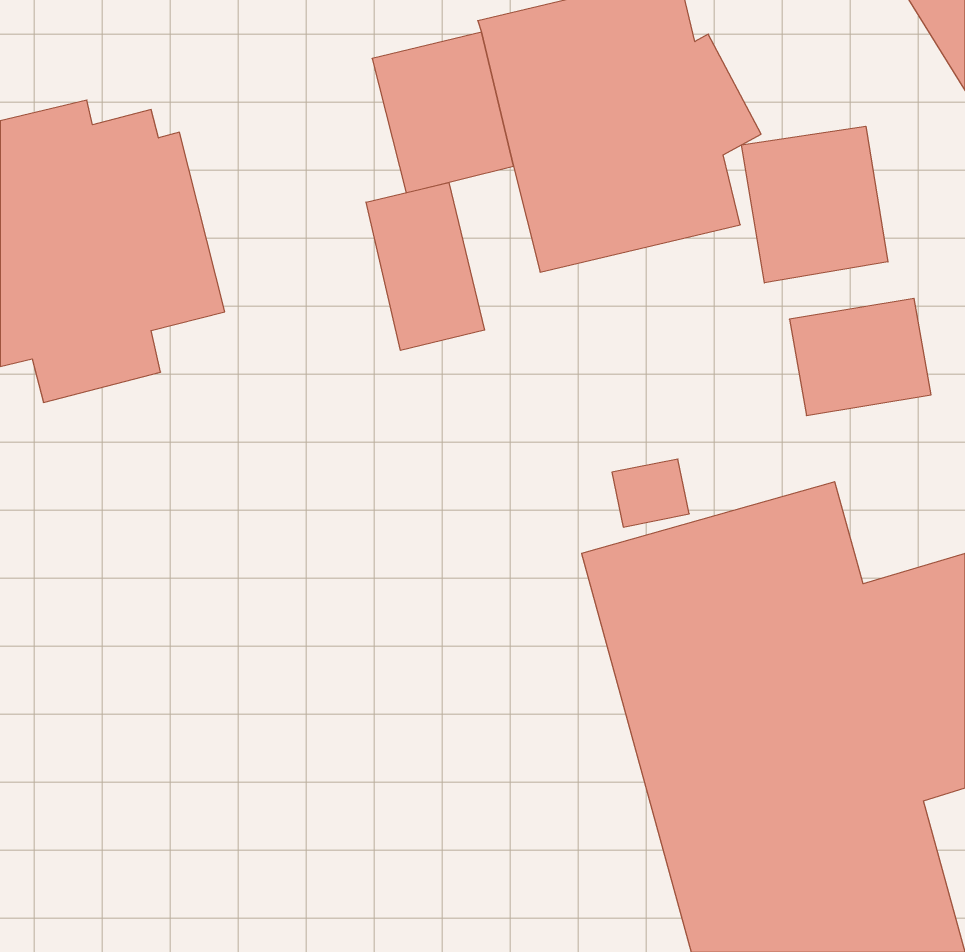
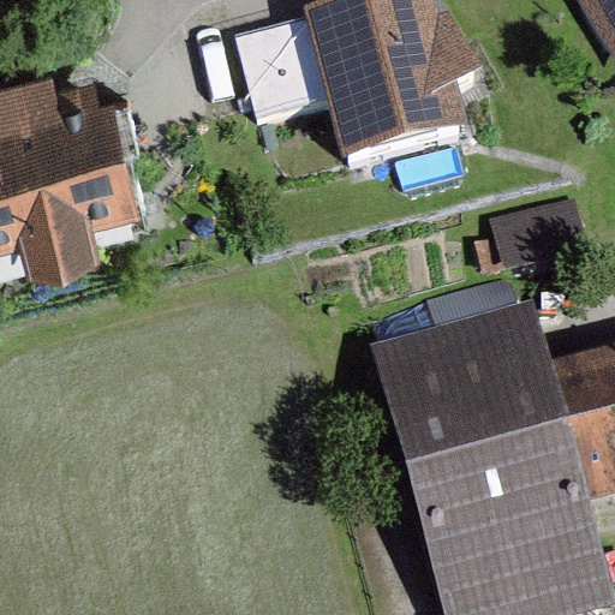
building: [741,126,888,283] -> none
building: [366,183,485,350] -> none

